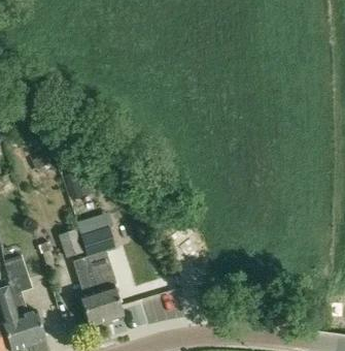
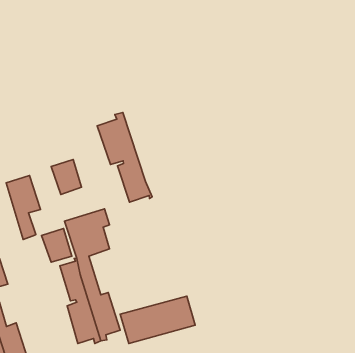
building: none -> [97,112,152,202]
building: none -> [6,175,40,240]

